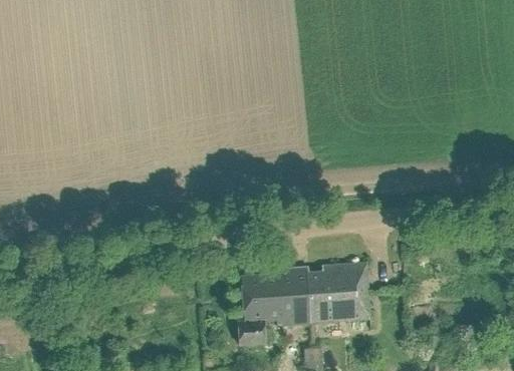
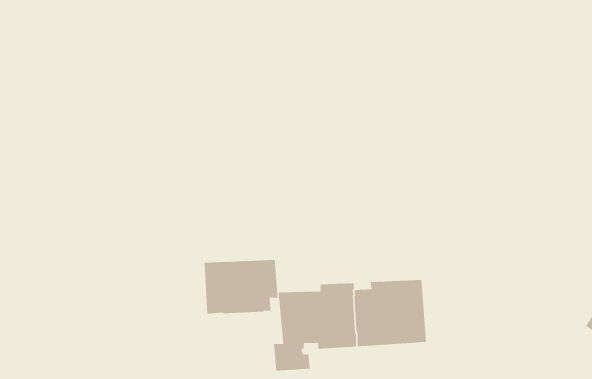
building: none -> [204,259,278,315]

